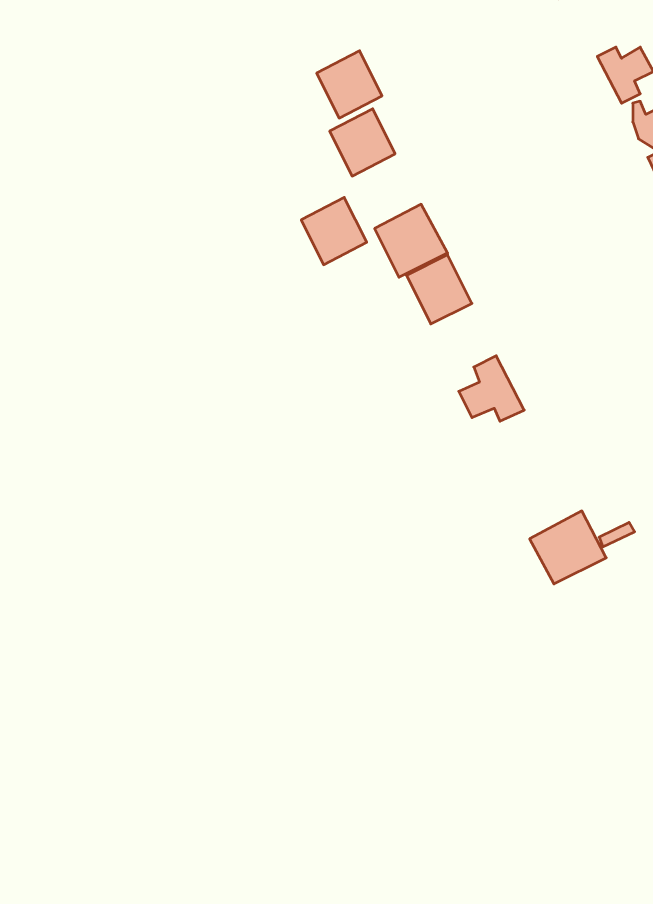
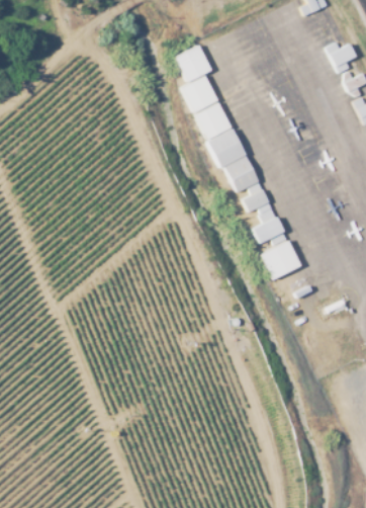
building: [301,197,367,265] -> [195,102,231,139]
building: none -> [242,183,272,214]
building: [530,511,606,584] -> [260,240,301,279]

